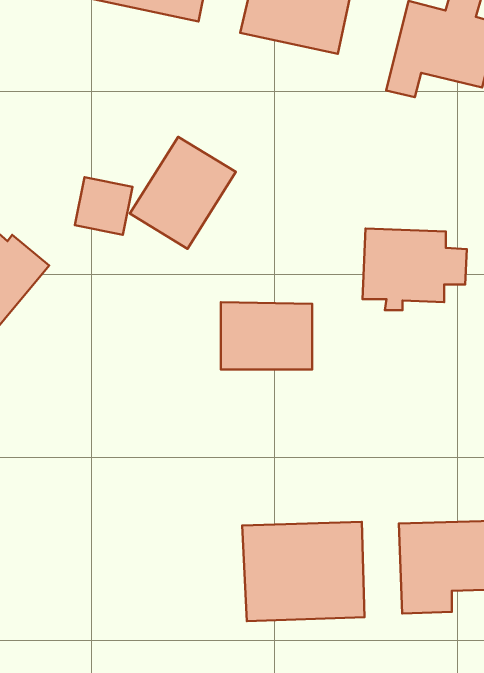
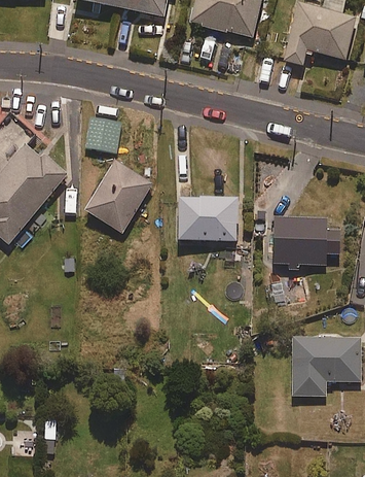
building: [130,137,236,249] -> [84,161,152,233]
building: [362,228,467,310] -> [273,217,340,270]
building: [242,522,365,621] -> none

